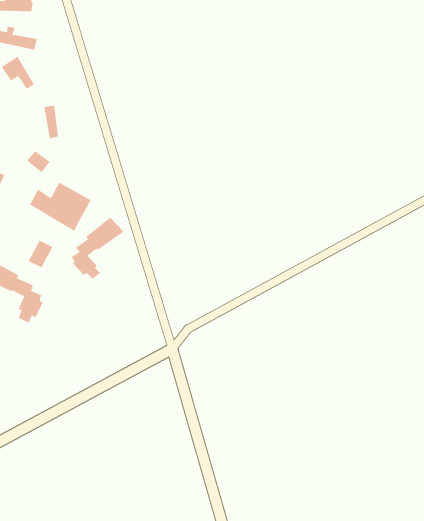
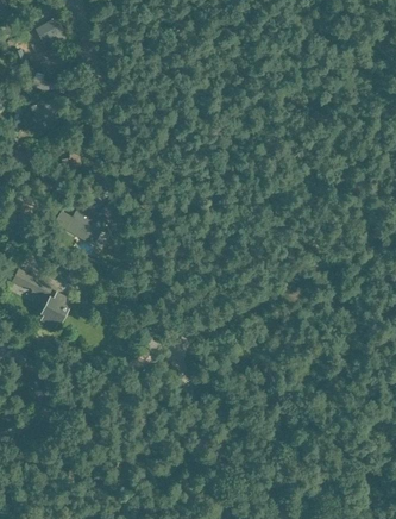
building: [71,217,124,280] -> none

